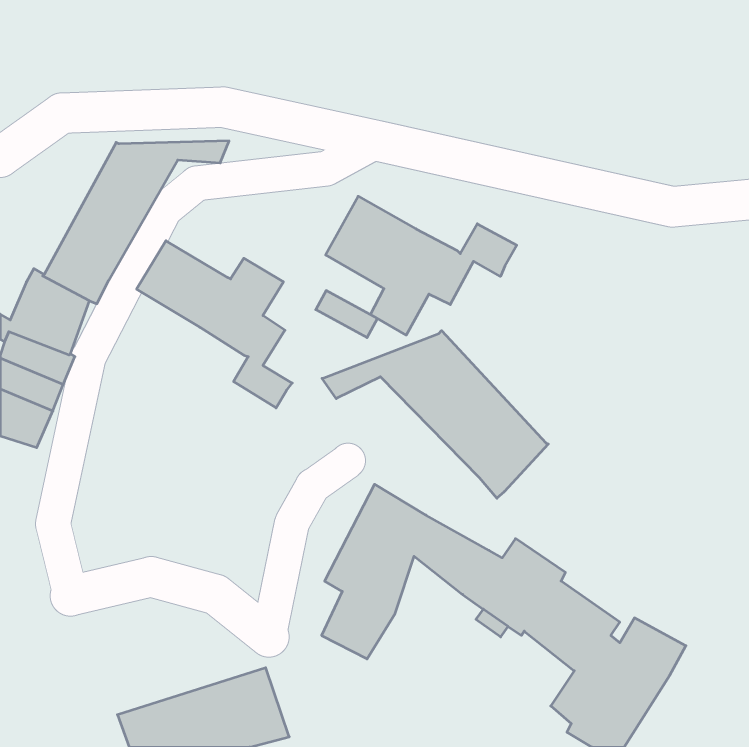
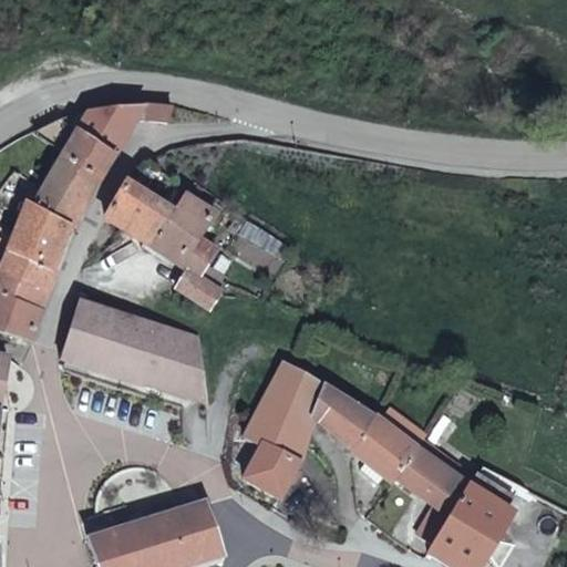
building: [326,196,517,335] -> none
building: [322,331,548,498] -> none
building: none -> [60,300,207,400]

